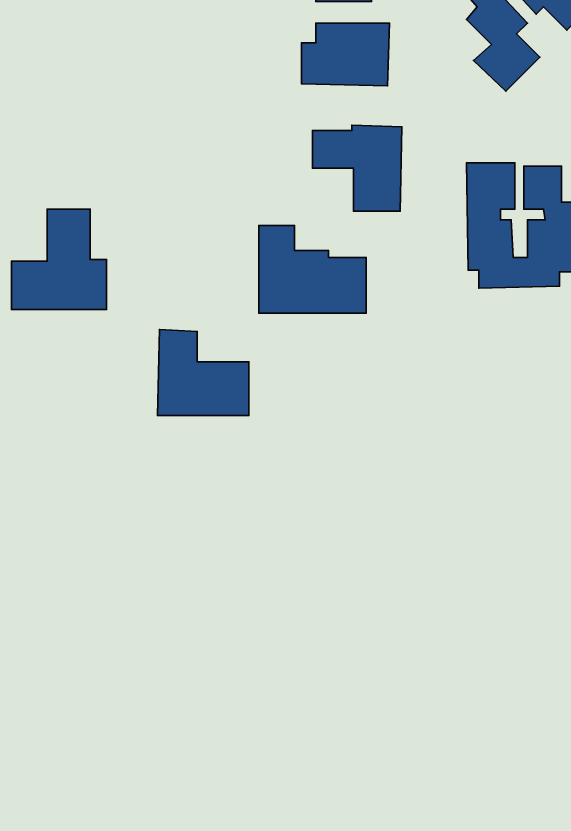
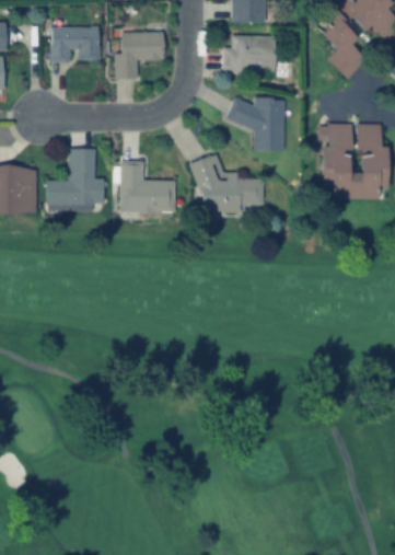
building: none -> [50,27,100,62]
building: none -> [114,32,164,79]
building: [158,330,249,416] -> [119,161,175,213]

